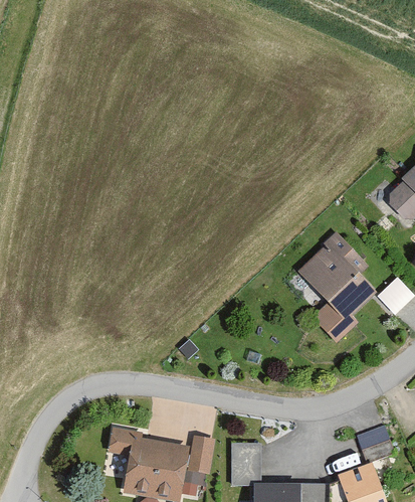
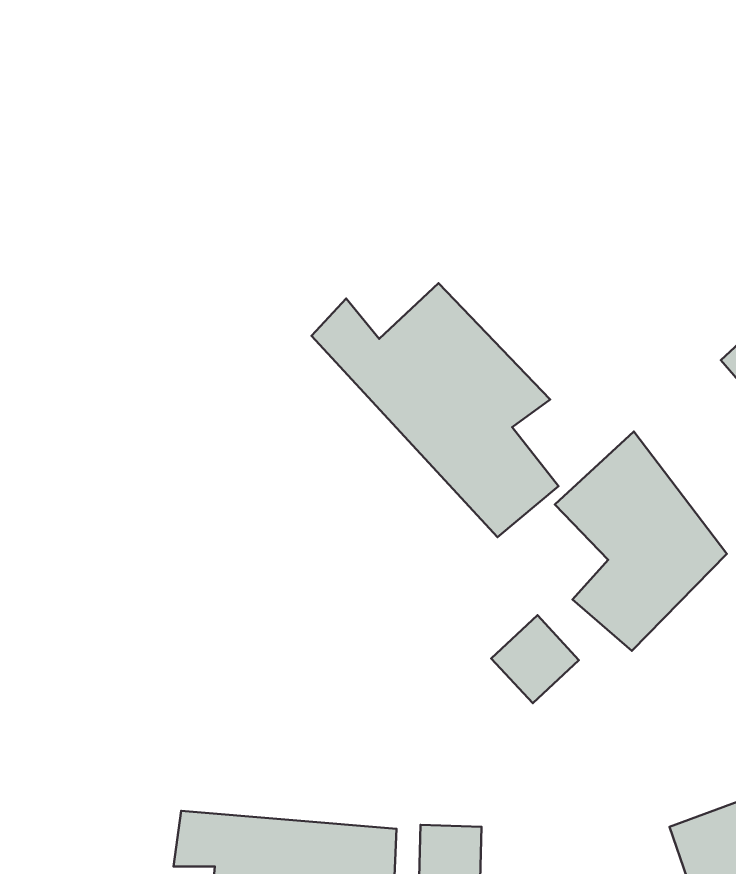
building: none -> [312,283,558,537]
building: none -> [491,615,579,703]

